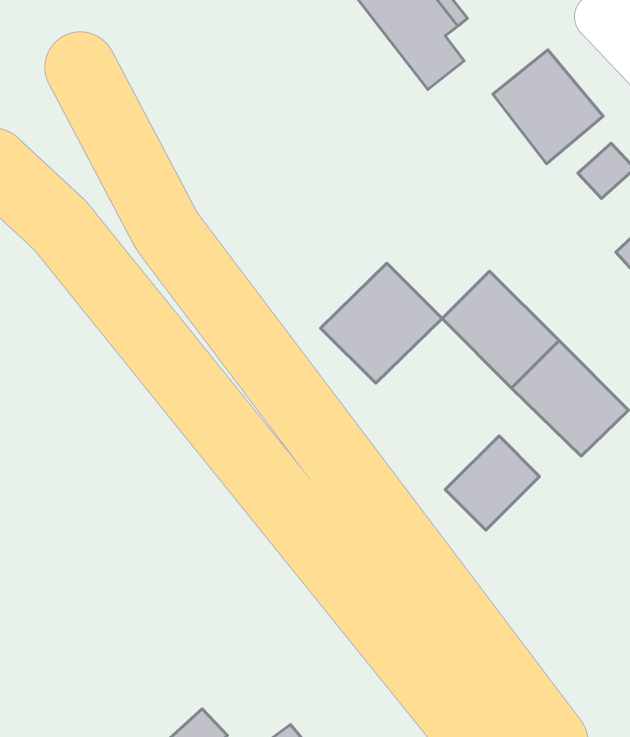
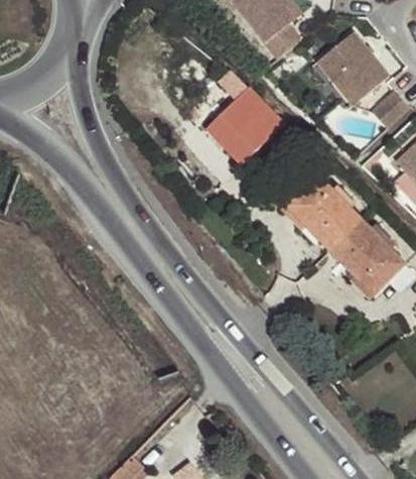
building: [321,263,442,383] -> [206,88,284,164]
building: [445,436,540,530] -> none

